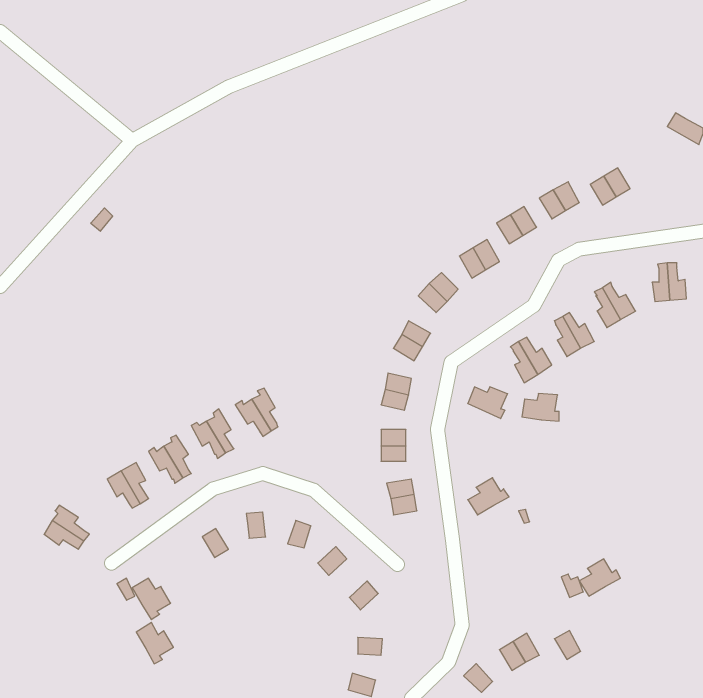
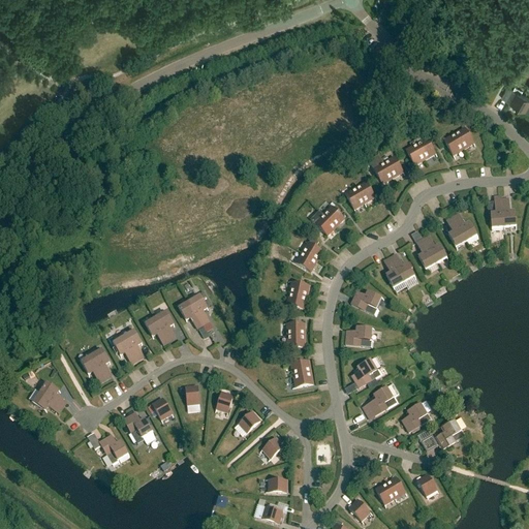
building: [522,394,559,421] -> [345,325,373,346]
building: none -> [368,385,399,414]
building: none -> [402,402,432,431]
building: [136,622,173,664] -> [124,411,152,442]

